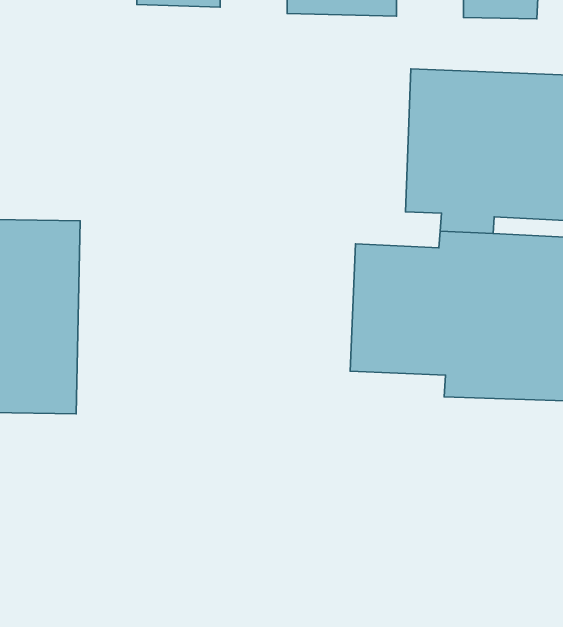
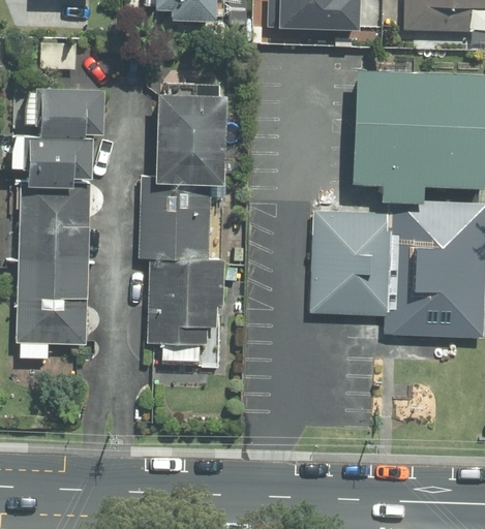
building: none -> [35,93,108,187]
building: none -> [142,100,230,345]

